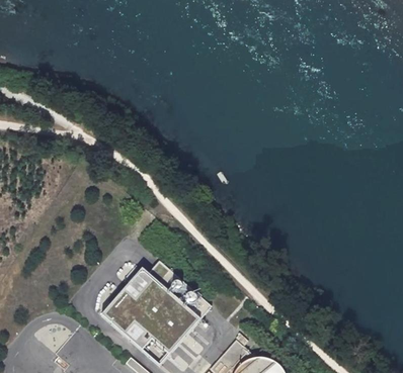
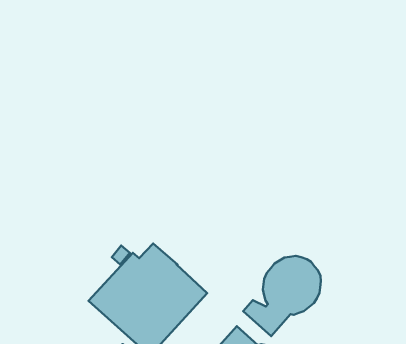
building: none -> [243,256,321,336]

